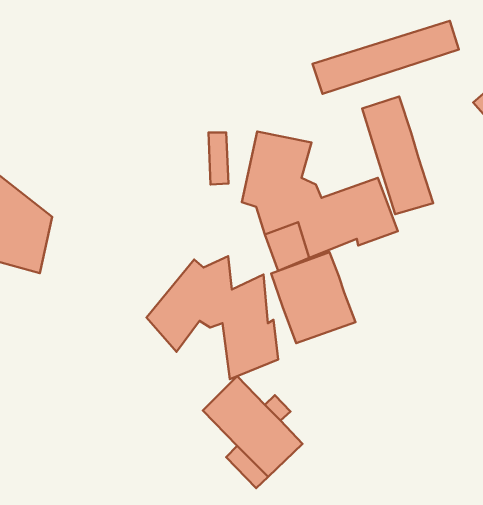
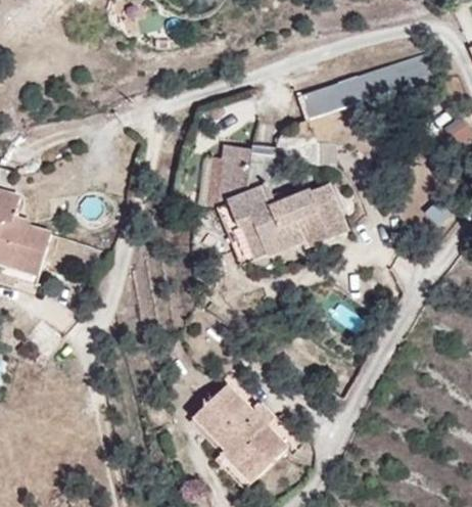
building: [362,97,433,214] -> none
building: [271,252,355,343] -> none
building: [146,256,278,379] -> none

